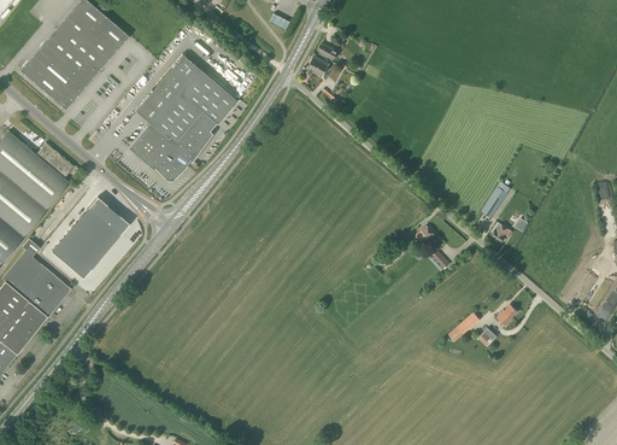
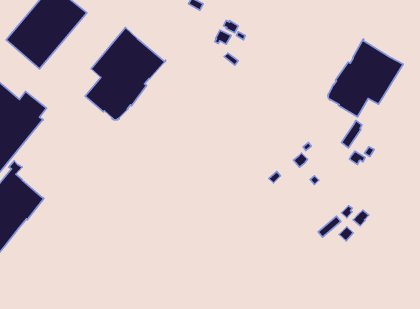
building: none -> [328,39,403,117]
building: [53,198,129,280] -> none

